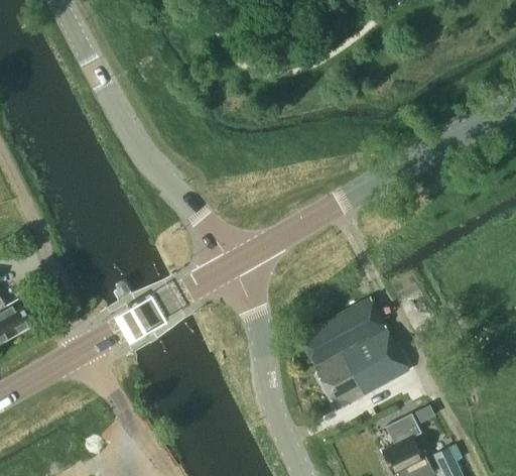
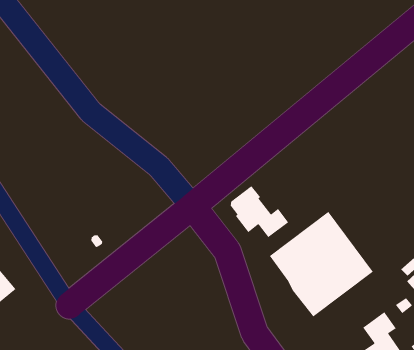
building: none -> [230,185,289,238]

